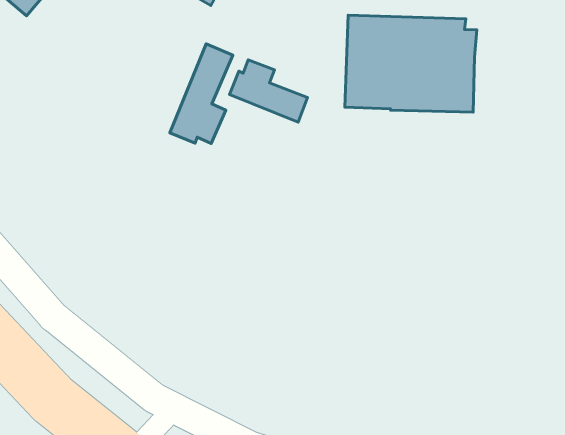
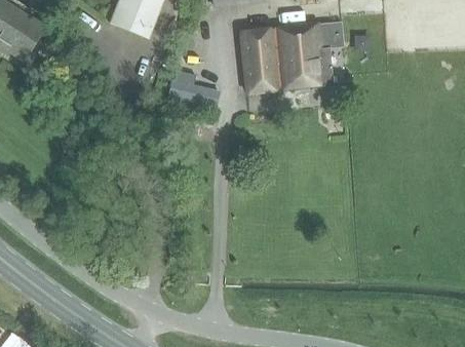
building: [170,44,233,144] -> none

